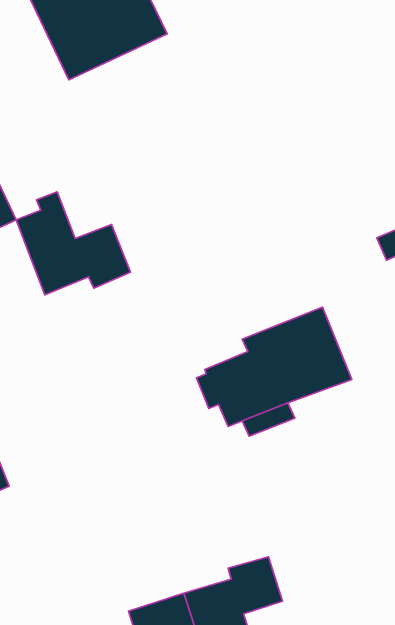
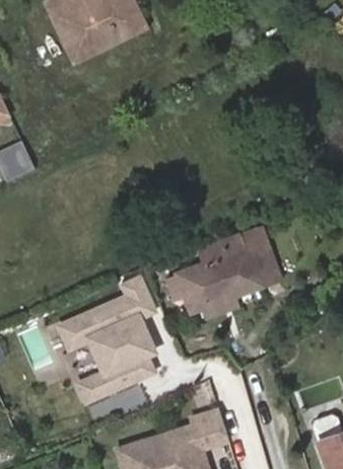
building: [16,192,130,295] -> none
building: none -> [55,268,159,400]

